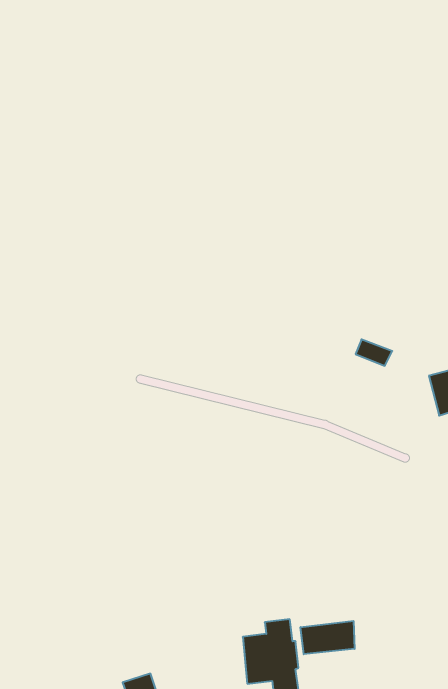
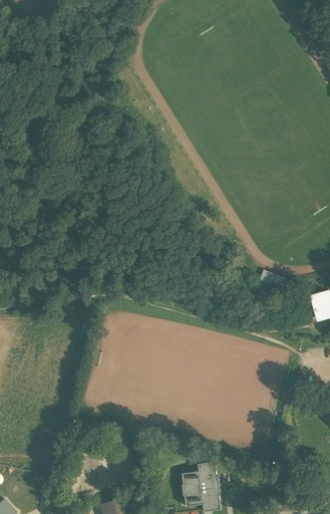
building: [301,621,355,654] -> none

